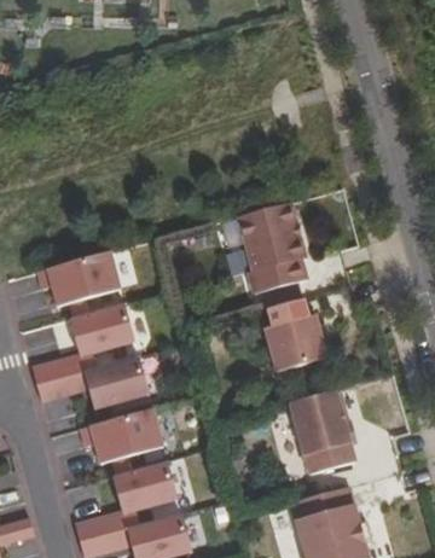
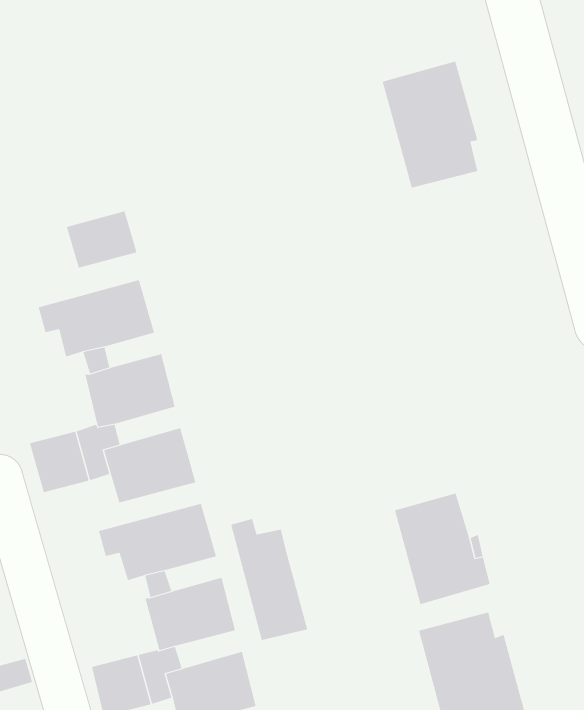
building: [238,202,306,291] -> [382,61,478,188]
building: none -> [66,211,137,269]
building: [265,298,326,370] -> none
building: none -> [231,518,308,641]

